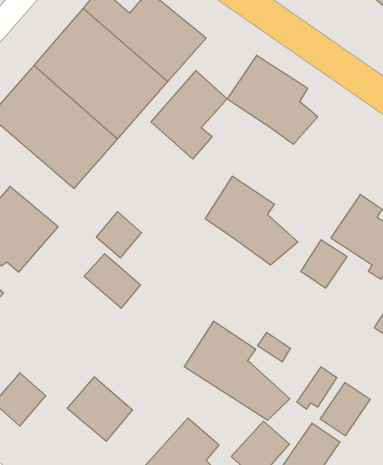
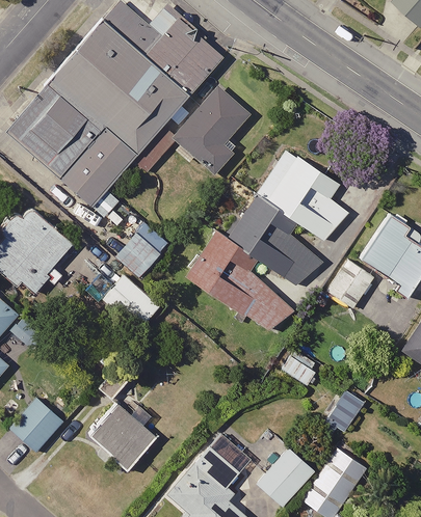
building: [227,55,318,144] -> [256,149,349,241]
building: [184,321,290,420] -> [186,230,295,332]
building: [320,383,370,436] -> none

